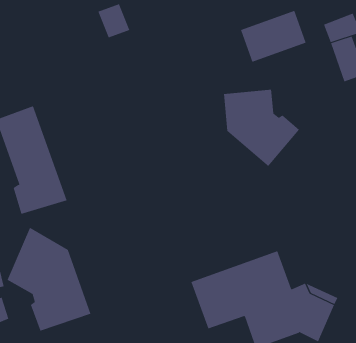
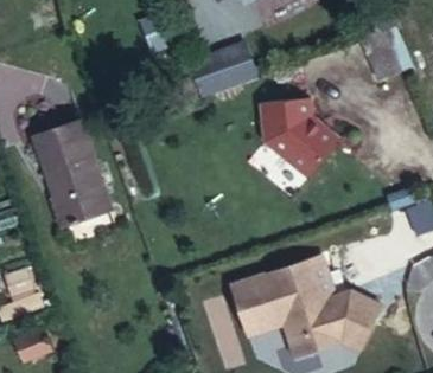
building: [240,10,307,62] -> [185,46,253,99]
building: [7,227,91,331] -> none

